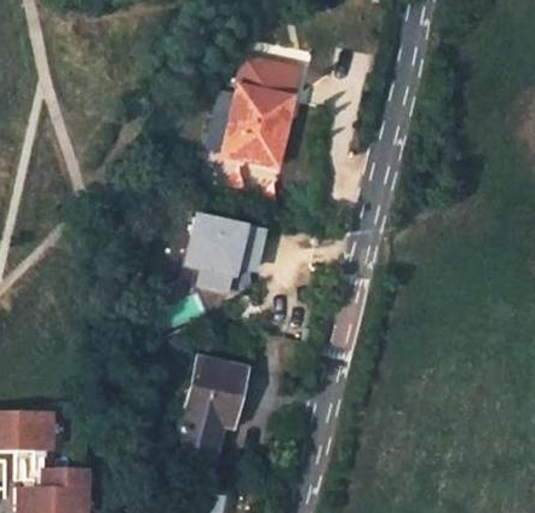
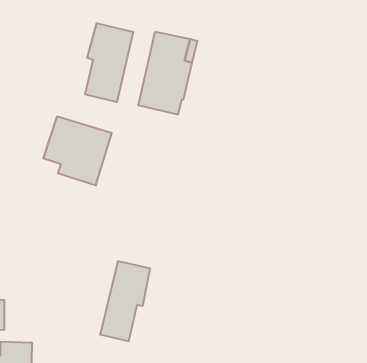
building: none -> [85,23,133,102]
building: [180,212,270,301] -> [43,116,112,185]

